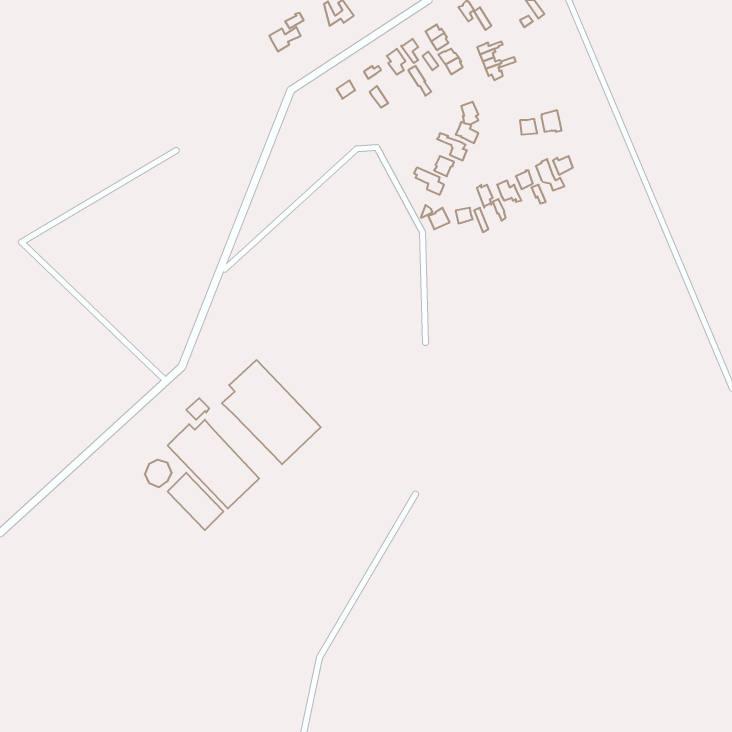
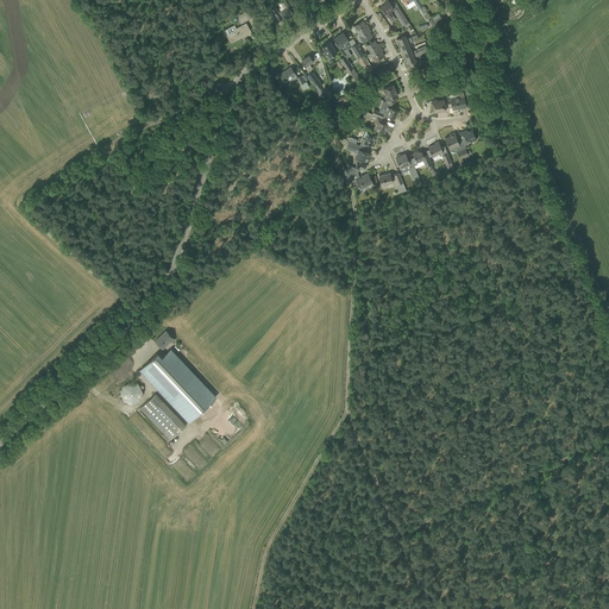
building: [222,360,321,464] -> none

